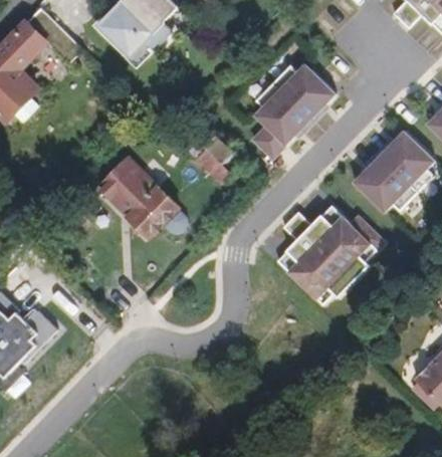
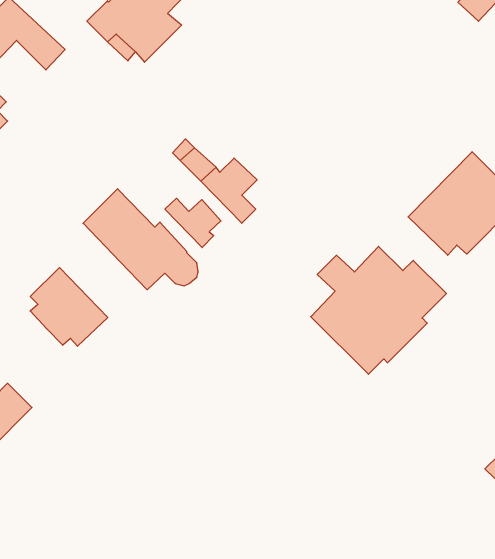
building: [251,63,335,158] -> none
building: none -> [165,198,221,248]
building: none -> [30,268,108,346]

